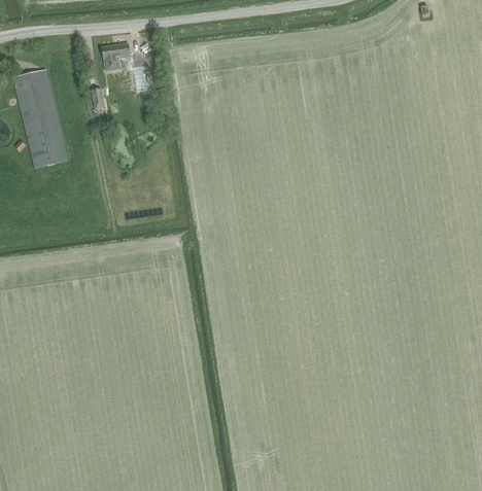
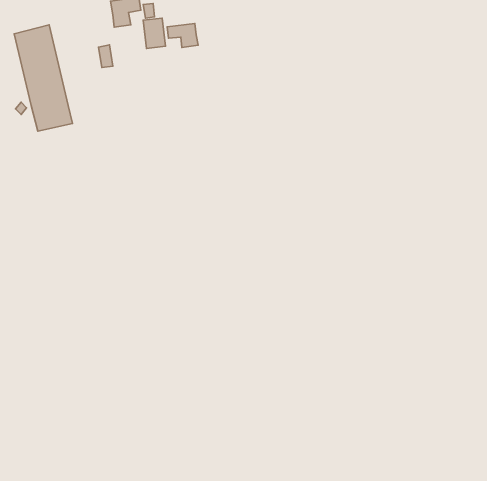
building: none -> [167,24,198,47]

